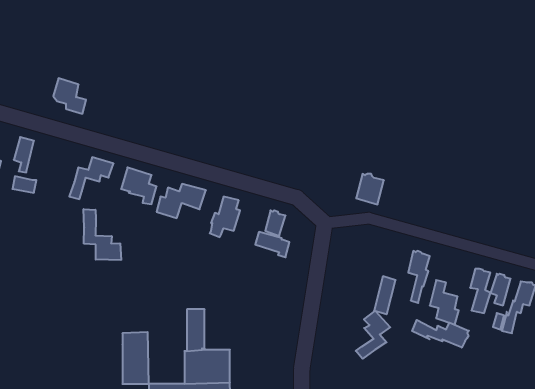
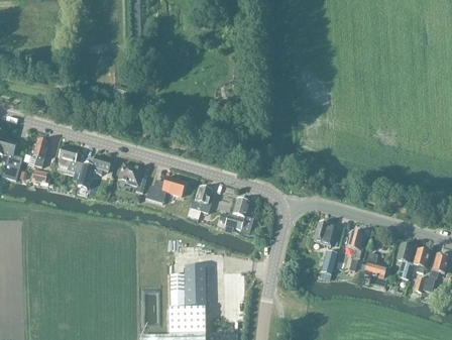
building: [53,78,86,114] -> [58,145,84,174]
building: [356,174,384,204] -> [314,221,336,245]
building: [84,209,121,260] -> none
building: [356,311,390,359] -> none
building: [412,320,469,348] -> none
building: [122,332,149,384] -> [185,265,206,307]

